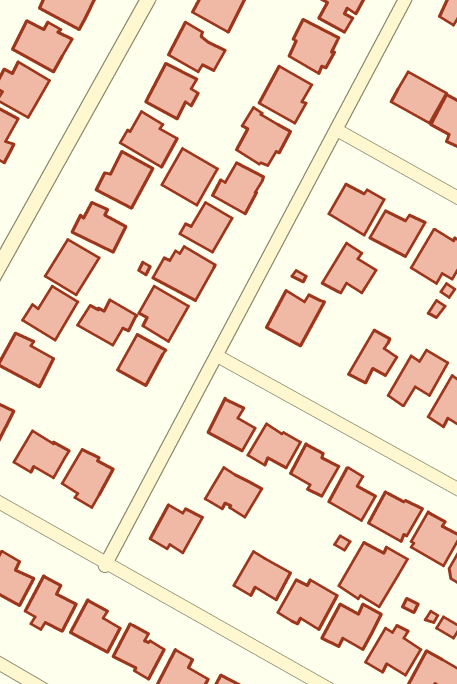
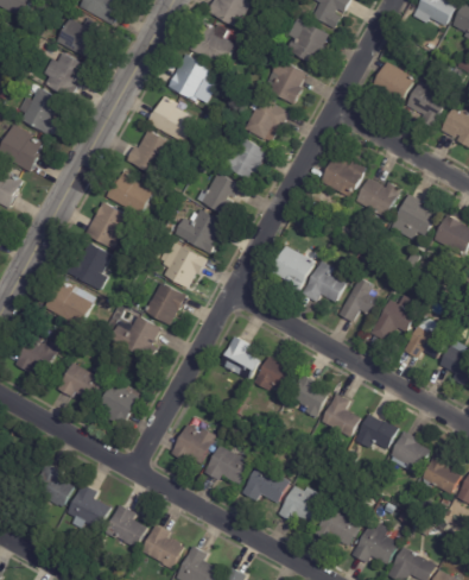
building: [162,149,217,205] -> none
building: [322,243,376,293] -> [300,259,346,301]
building: [77,300,137,345] -> [109,314,159,352]
building: [205,468,262,517] -> [204,445,252,486]
building: [339,543,407,607] -> none

